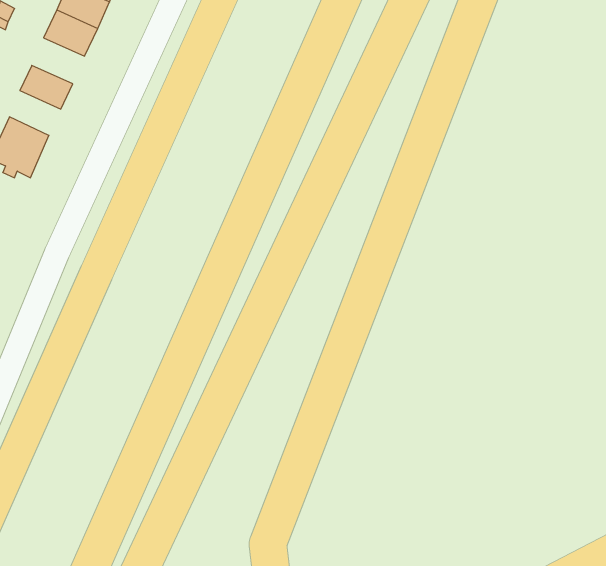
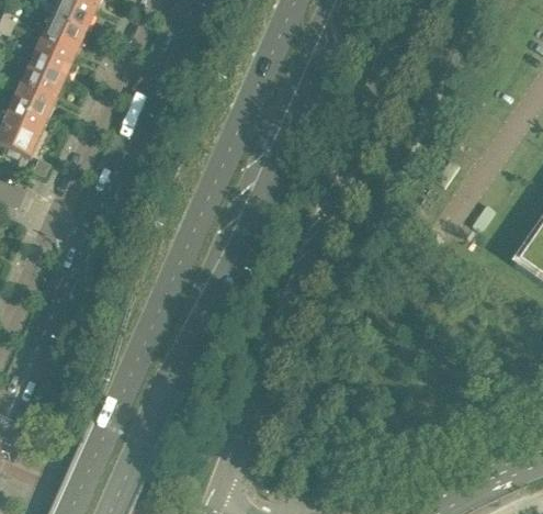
building: none -> [30,40,73,78]
building: none -> [11,83,54,121]

